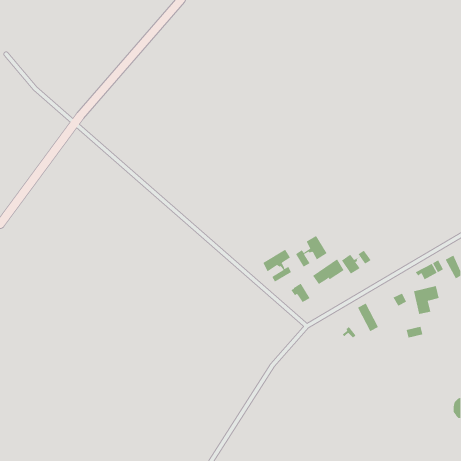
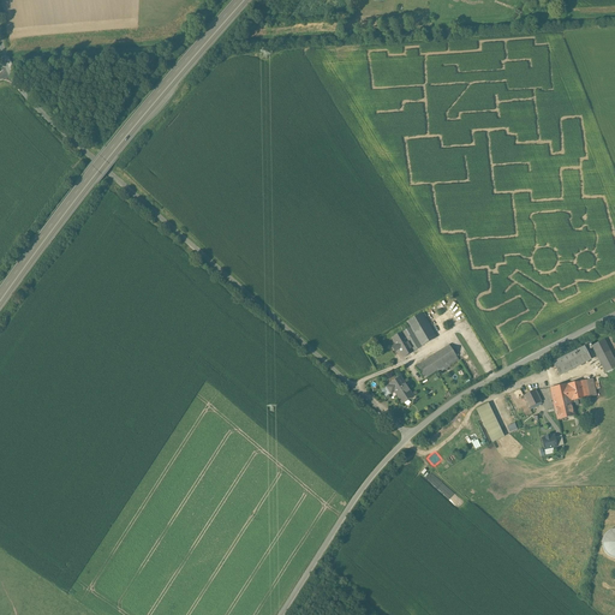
building: [263,249,292,283] -> none
building: [341,250,371,275] -> none

